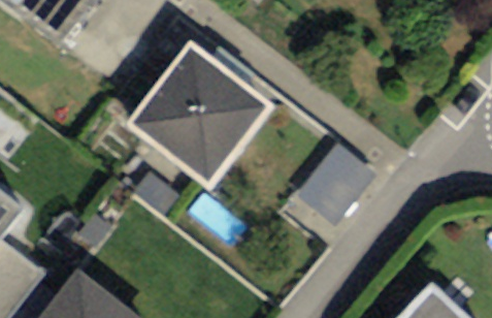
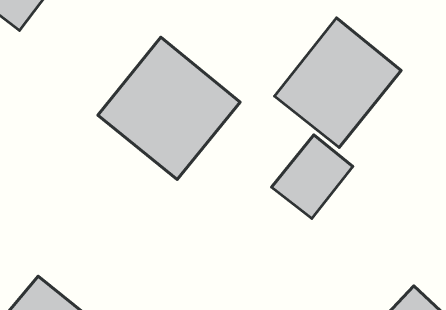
building: none -> [275,18,401,147]

